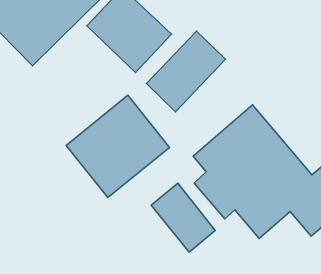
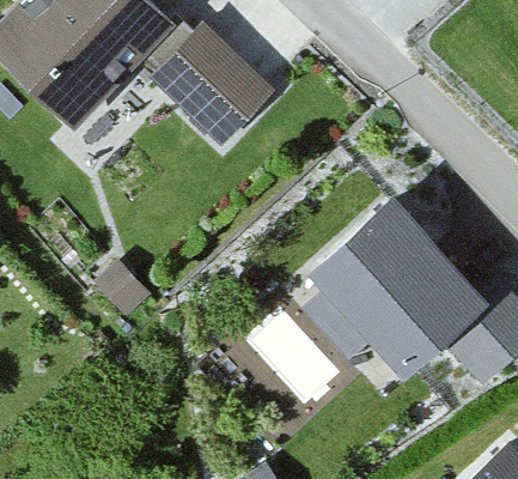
building: [147,31,225,112] -> none
building: [66,95,170,198] -> none

